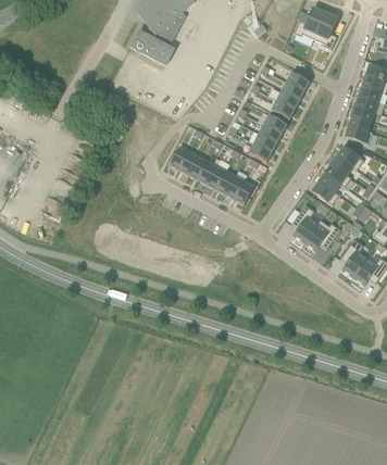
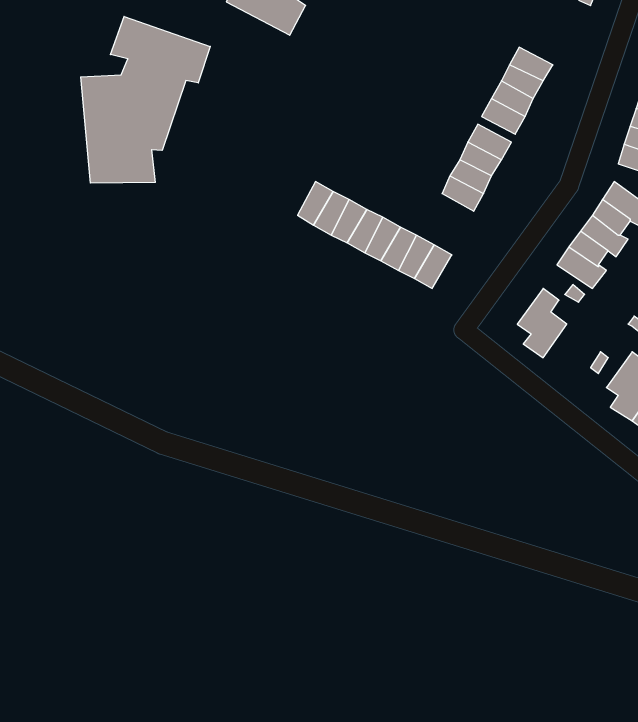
building: none -> [81,16,210,183]
building: [304,218,340,250] -> none

